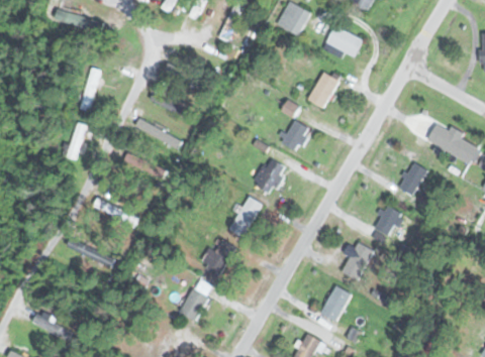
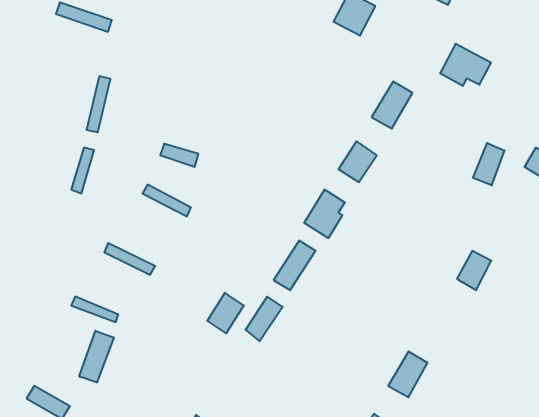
building: [322,24,363,57] -> [440,44,491,86]
building: [399,161,424,195] -> [473,143,505,185]
building: [341,242,373,279] -> none
building: none -> [79,331,114,382]
building: [179,288,208,321] -> [207,293,244,333]

